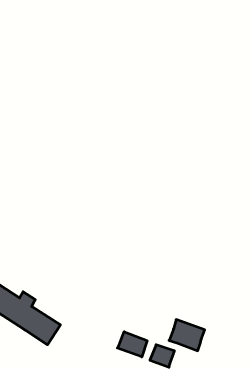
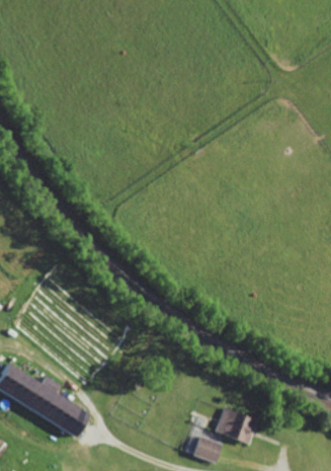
building: [117,332,147,357] -> none

